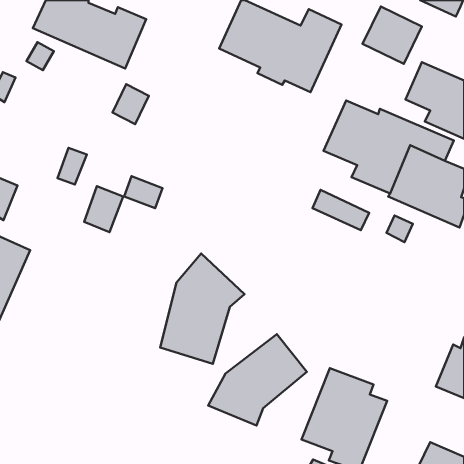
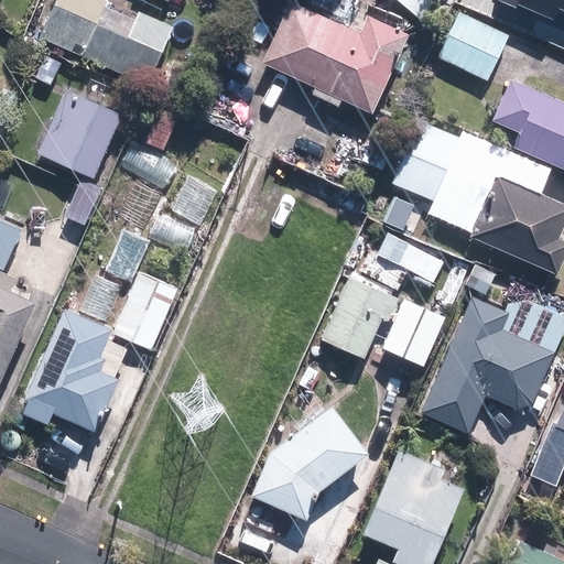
building: none -> [37,85,126,180]
building: none -> [119,273,177,339]
building: none -> [321,275,423,357]
building: none -> [423,296,553,435]
building: none -> [25,308,123,433]
building: [160,253,245,364] -> none

